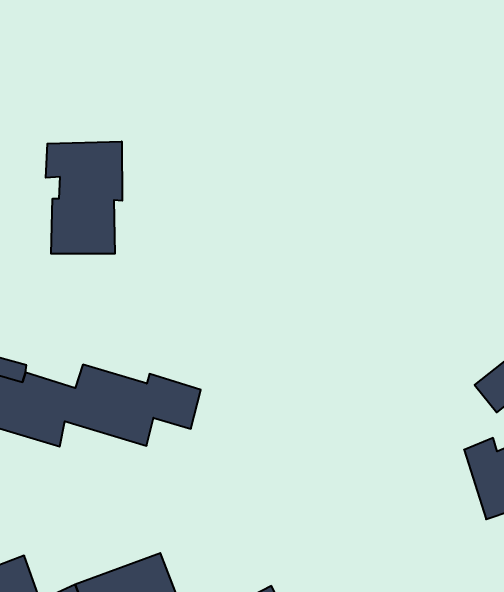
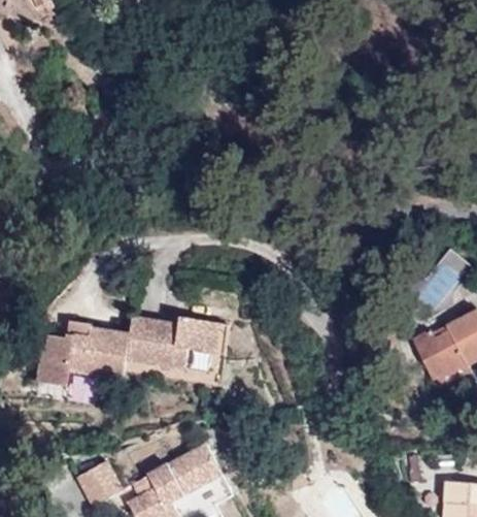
building: [46,141,122,254] -> none

